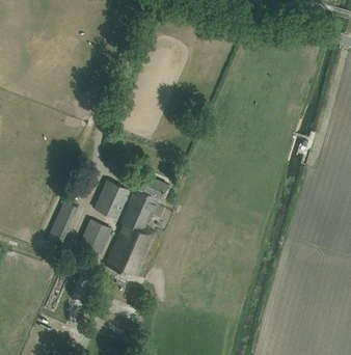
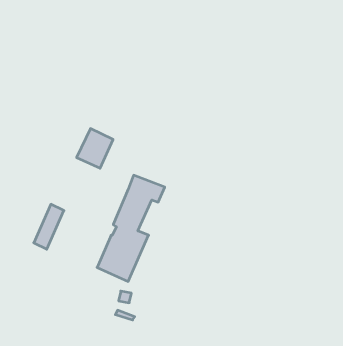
building: [93,180,129,218] -> [77,129,113,168]
building: [79,219,111,253] -> none

